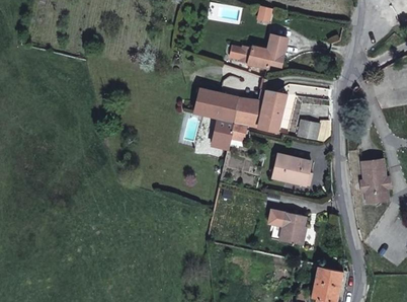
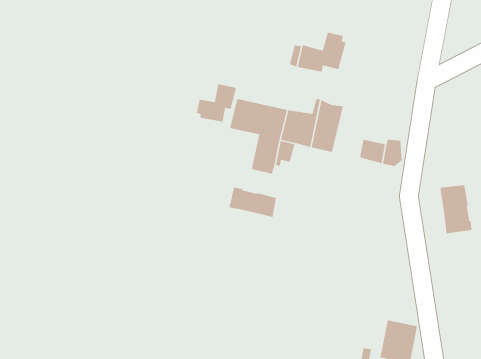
building: none -> [196,84,237,122]
building: [271,155,309,185] -> none
building: none -> [228,187,277,218]
building: [271,208,308,241] -> none

